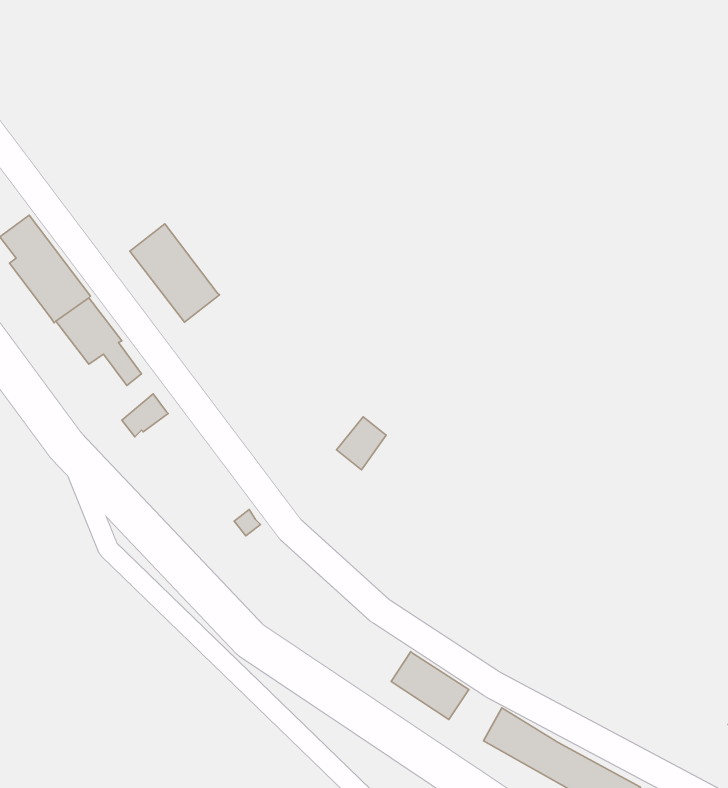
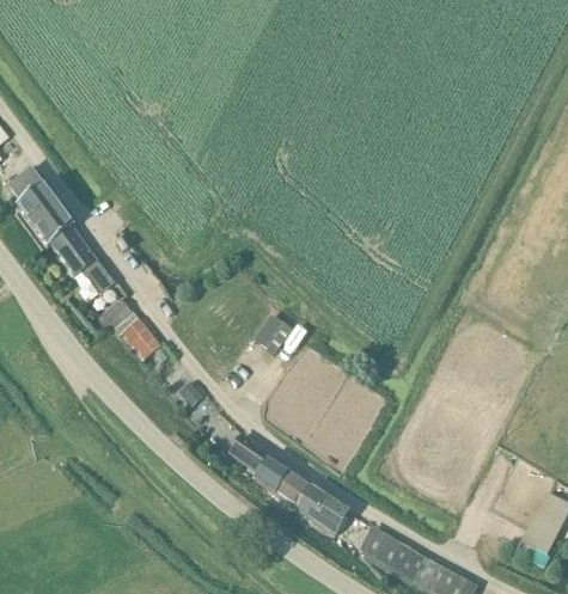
building: [130,224,220,322] -> none
building: none -> [114,311,159,359]
building: none -> [228,435,307,507]

